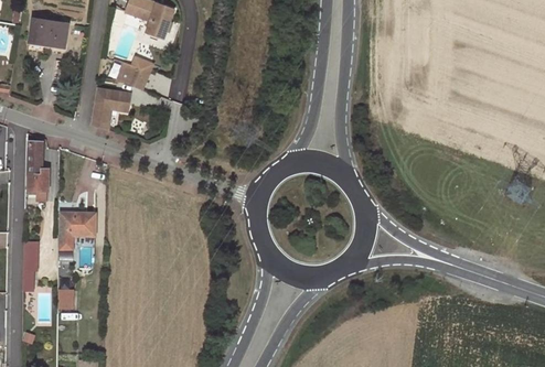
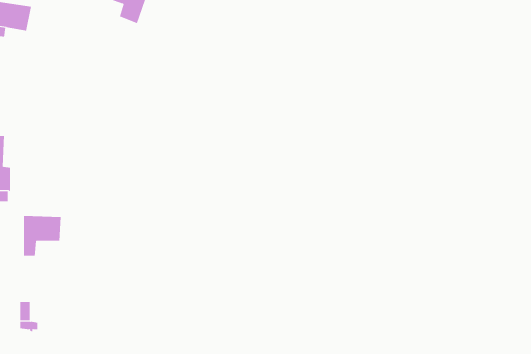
building: [117,63,149,89] -> none
building: [92,88,130,130] -> none

